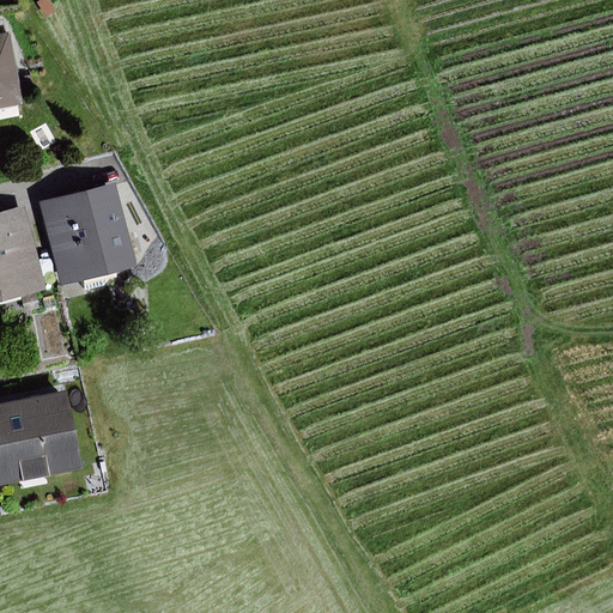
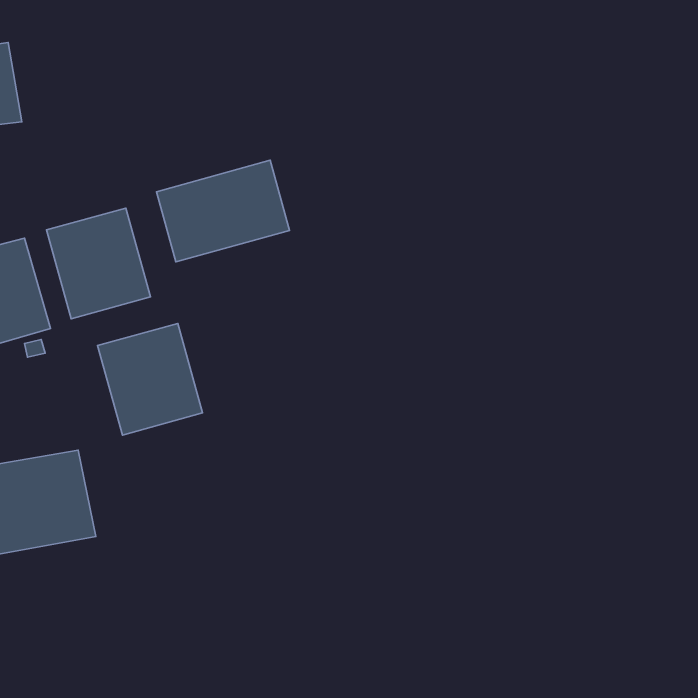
building: none -> [156,160,290,262]
building: none -> [98,323,202,435]

